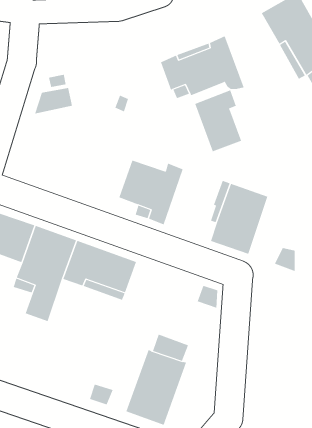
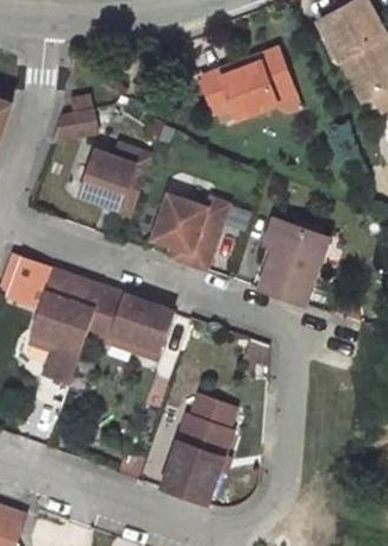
building: [194,90,242,152] -> none
building: none -> [80,144,151,212]

